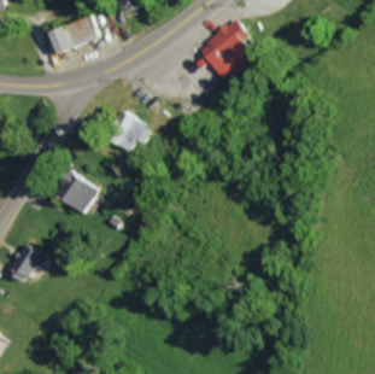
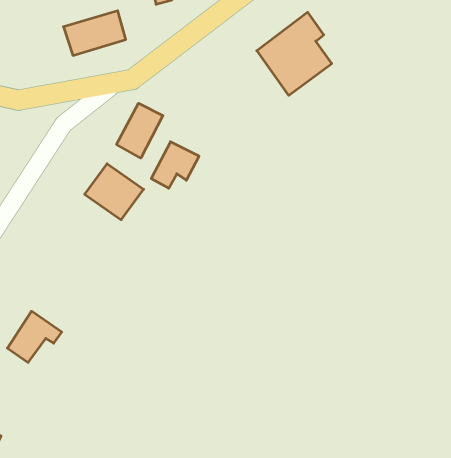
building: none -> [117,103,163,158]
building: [57,171,101,214] -> [85,164,144,220]

